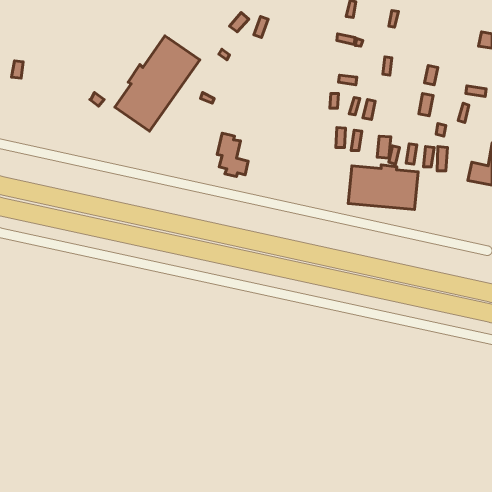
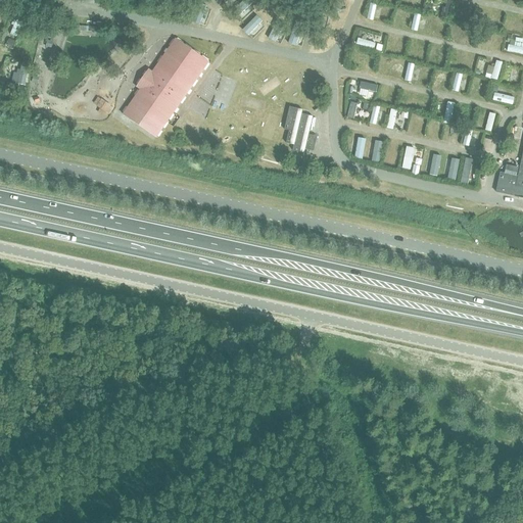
building: [217,133,248,177] -> [283,106,316,152]
building: [348,165,418,210] -> none

